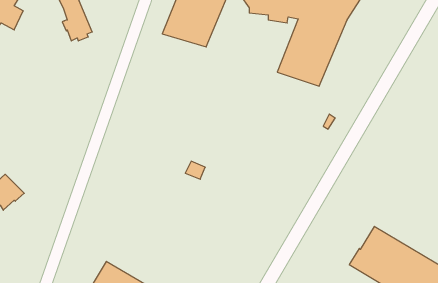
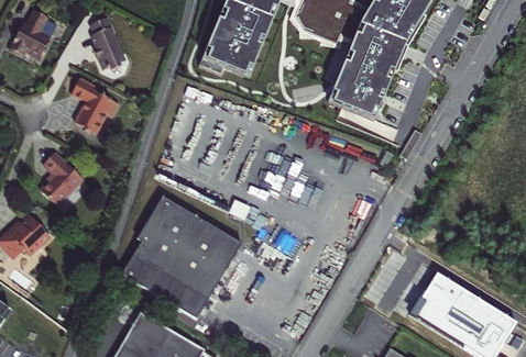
building: none -> [69,77,117,132]
building: none -> [40,152,81,204]
building: none -> [120,192,240,315]

